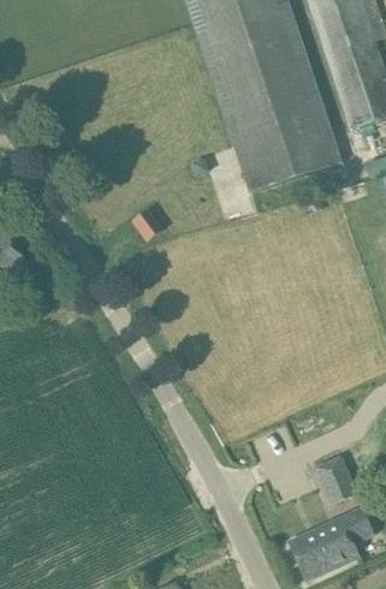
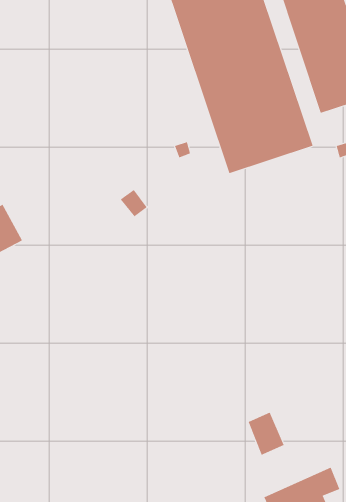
building: [316,454,356,501] -> [248,412,285,455]

